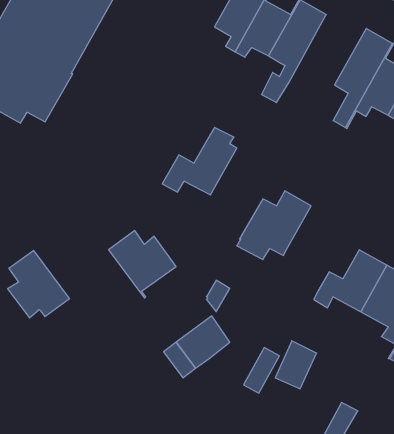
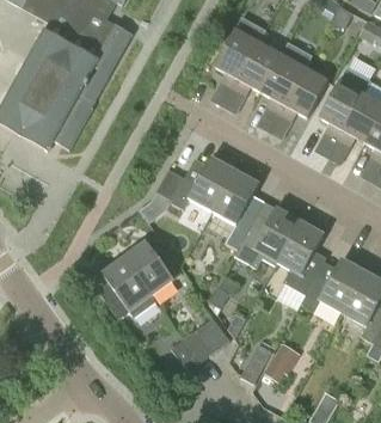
building: none -> [279,55,328,118]
building: none -> [211,171,257,250]
building: none -> [276,221,324,295]
building: [8,250,70,318] -> [100,259,154,318]

